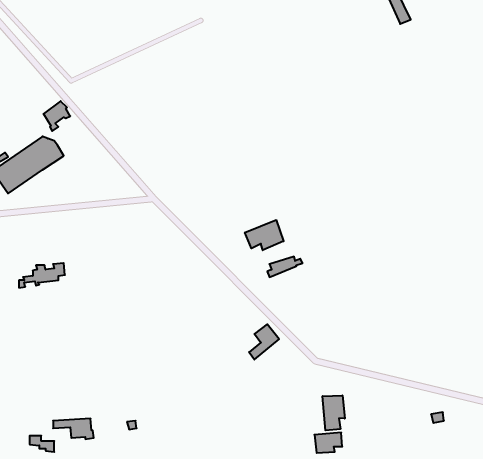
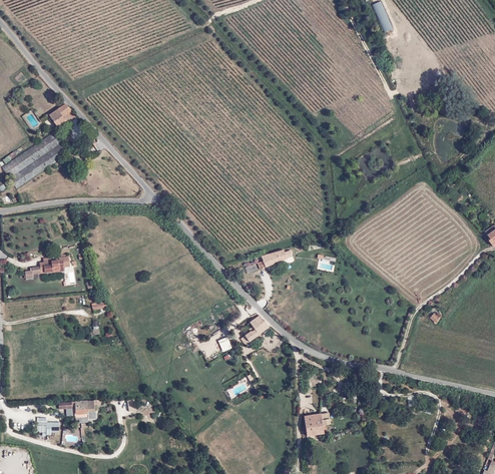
building: [245,220,284,250] -> none
building: [323,395,345,430] -> none

